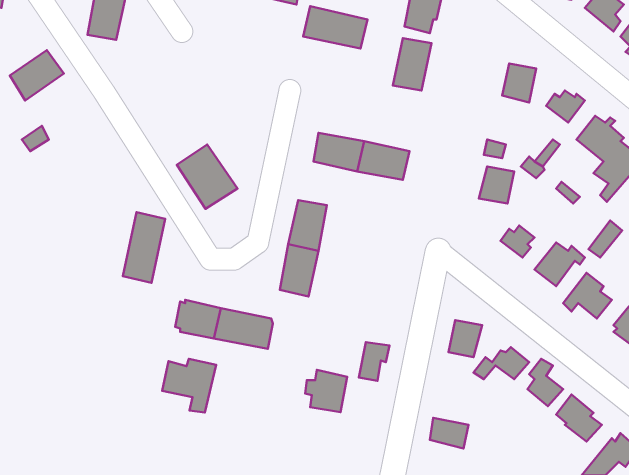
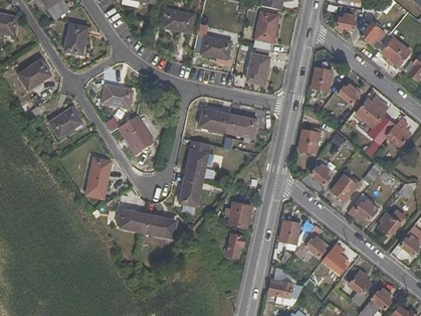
building: none -> [101,84,132,108]
building: none -> [48,106,81,137]
building: [162,359,216,412] -> none
building: [305,370,347,412] -> [225,201,250,226]

